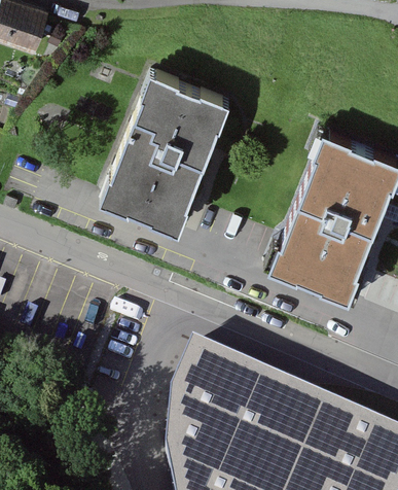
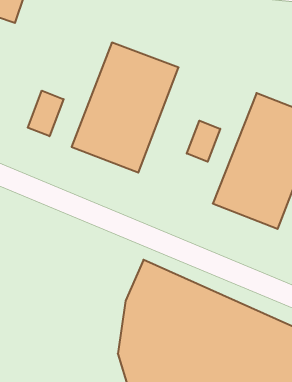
building: none -> [28,91,64,136]
building: none -> [187,121,220,162]

